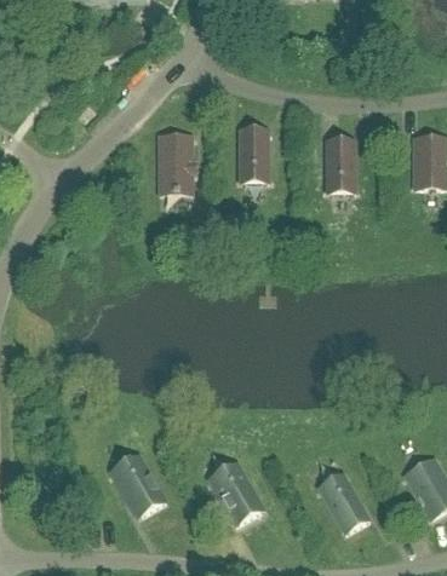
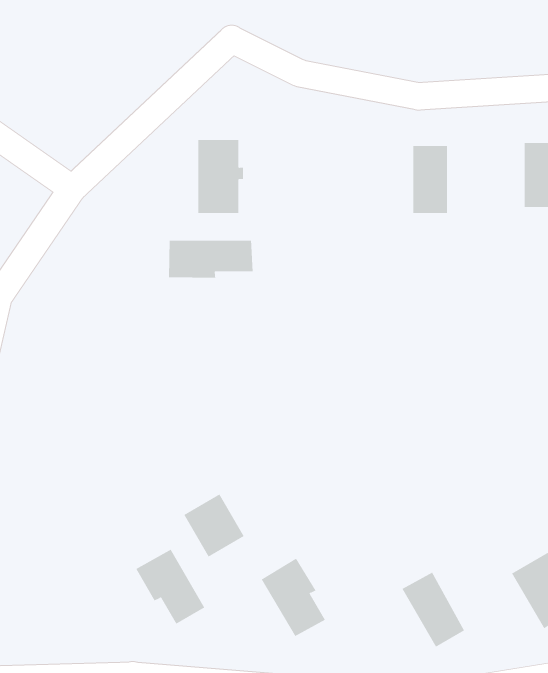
building: [240,128,268,180] -> none
building: none -> [169,240,253,278]
building: none -> [184,494,244,557]

